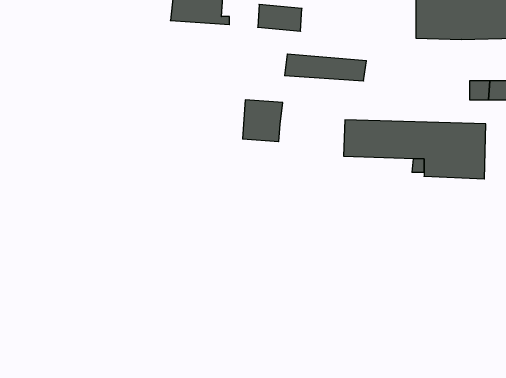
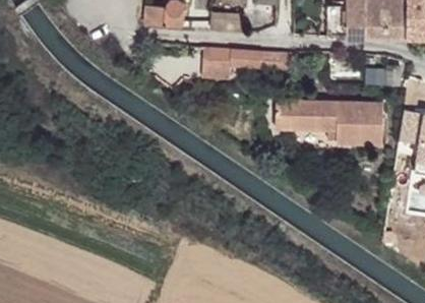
building: [243,100,283,142] -> [201,48,232,79]

